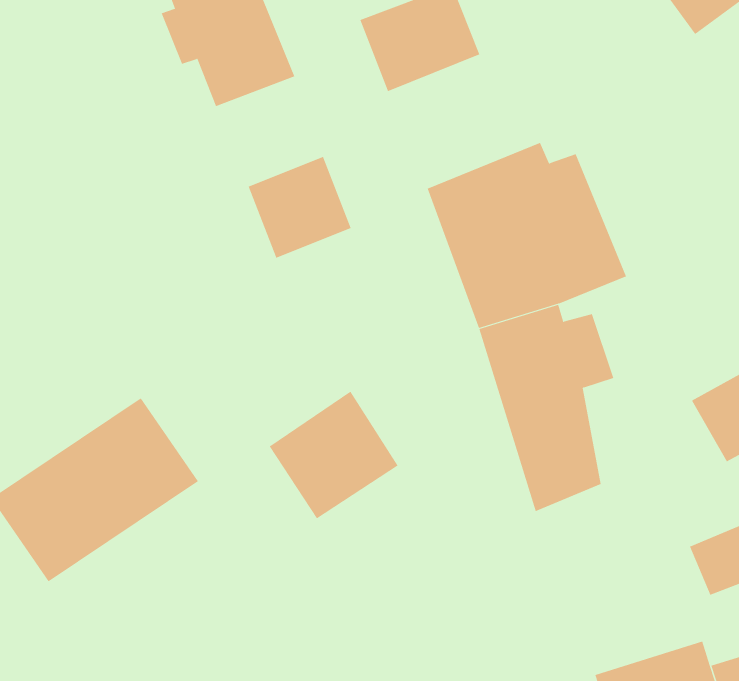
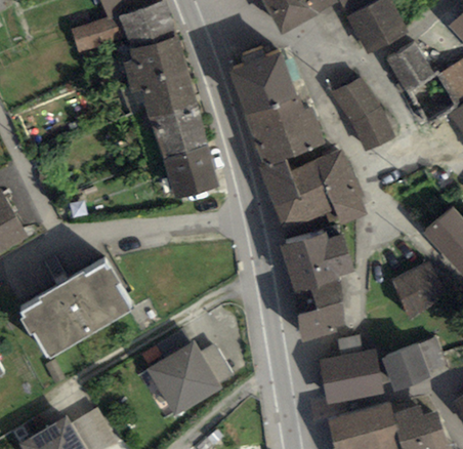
building: none -> [333,78,392,150]
building: none -> [242,91,321,160]
building: none -> [151,96,206,153]
building: [269,391,398,519] -> [150,344,217,411]
building: none -> [323,355,380,398]

